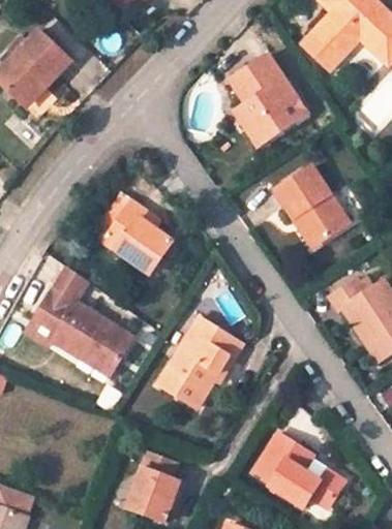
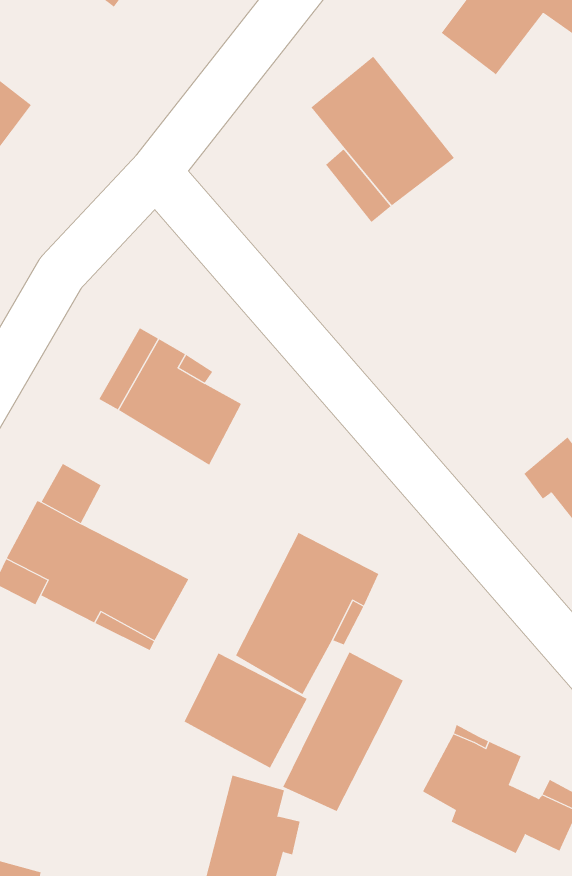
building: [274,166,345,242] -> none
building: none -> [184,652,307,769]
building: none -> [283,652,403,812]

